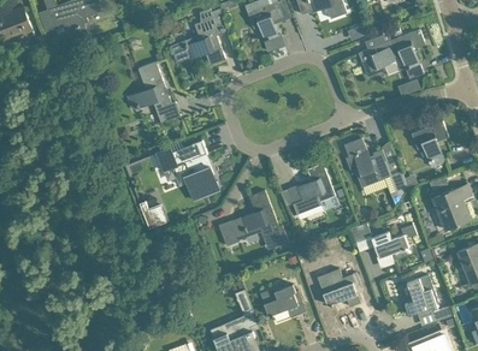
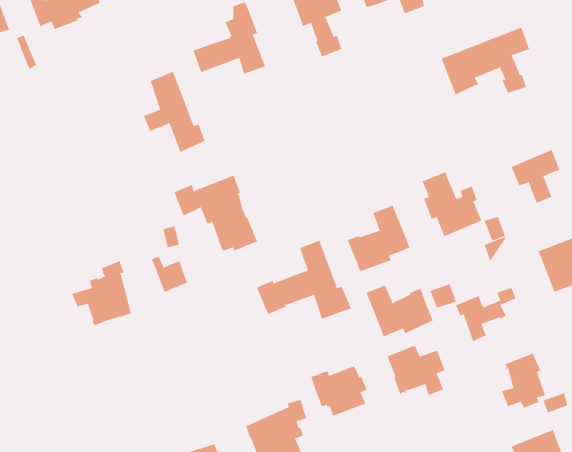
building: none -> [71,260,132,326]
building: none -> [366,285,434,337]

